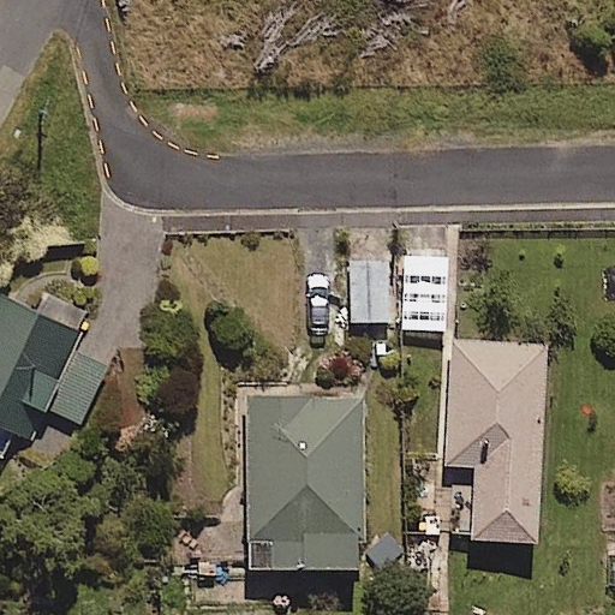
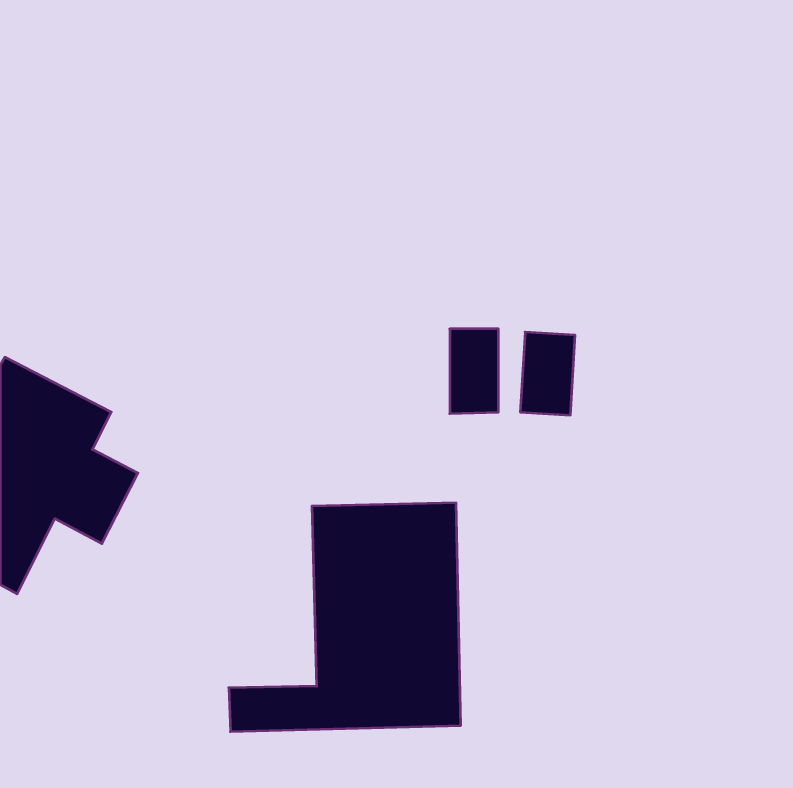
building: [446,342,542,541] -> none

